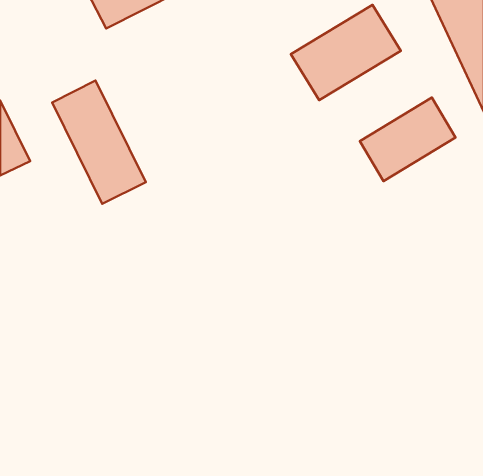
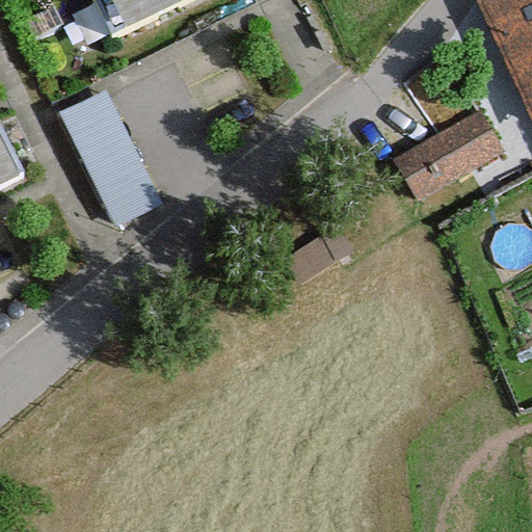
building: [291,5,401,100] -> none

